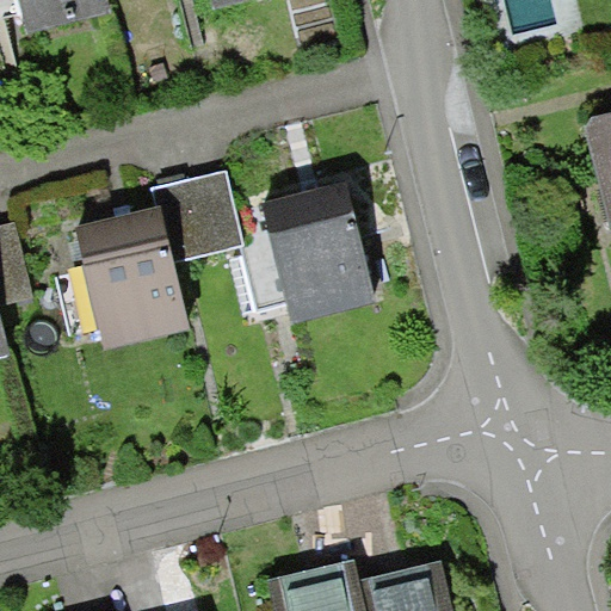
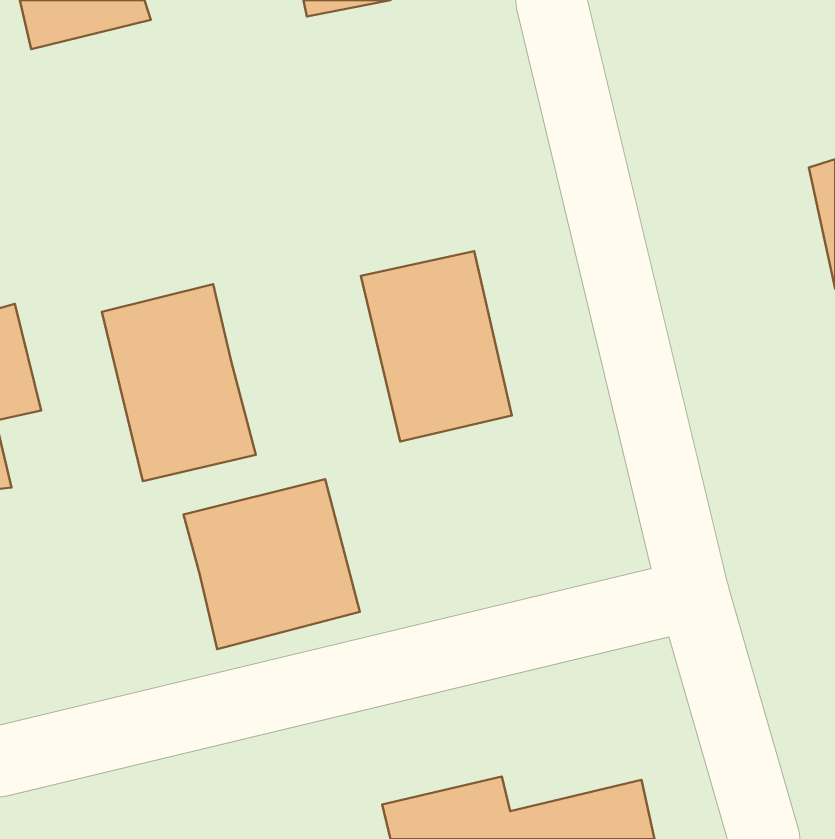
building: [150,168,241,263] -> none
building: none -> [183,479,360,649]

